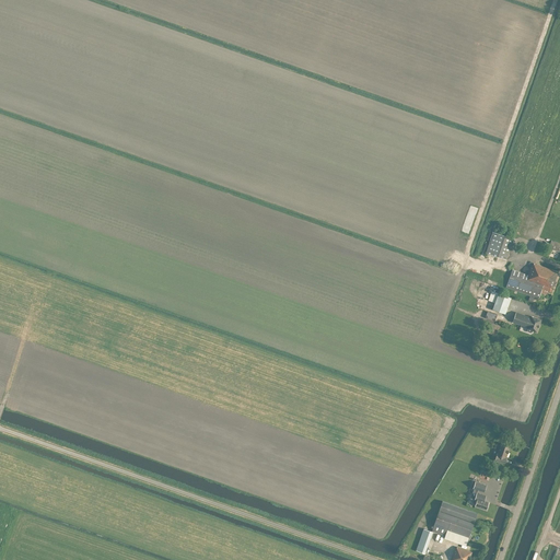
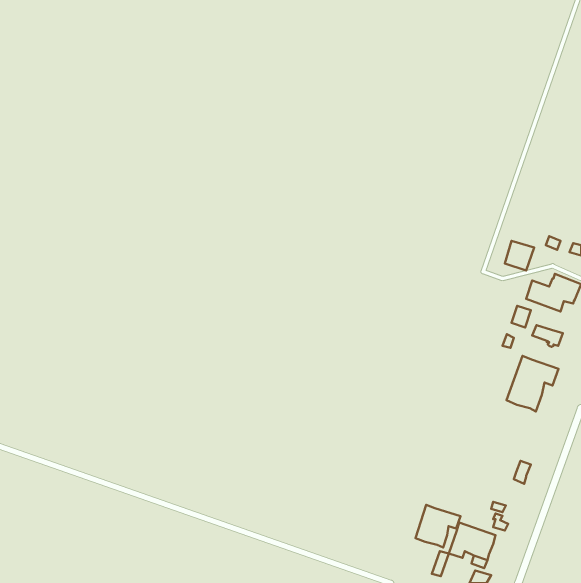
building: none -> [507,356,559,411]
building: none -> [416,505,460,548]

